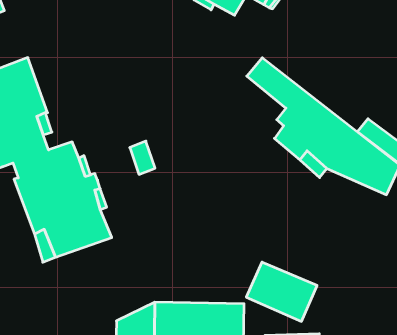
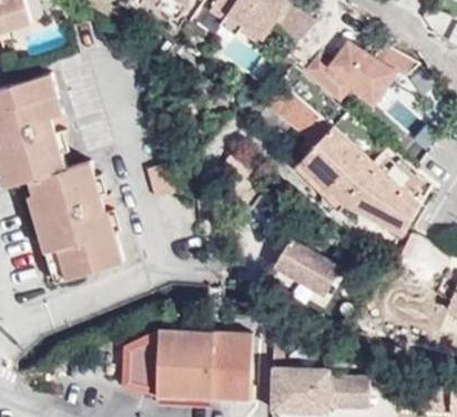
building: none -> [302,41,415,109]
building: [246,262,317,321] -> [268,241,341,303]

